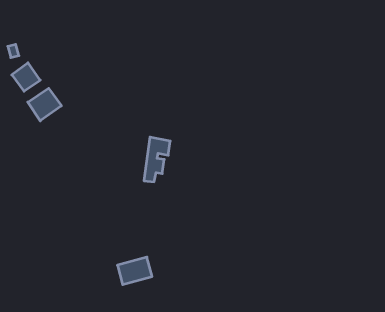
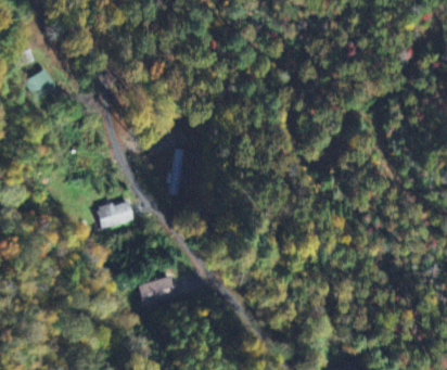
building: [28,88,61,121] -> none
building: none -> [98,201,131,228]

